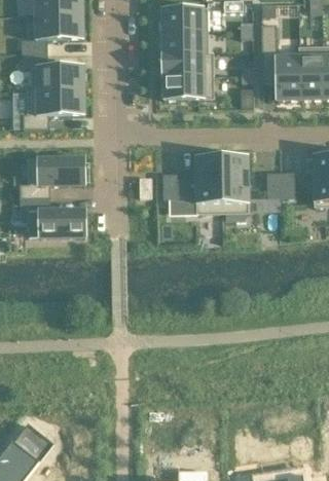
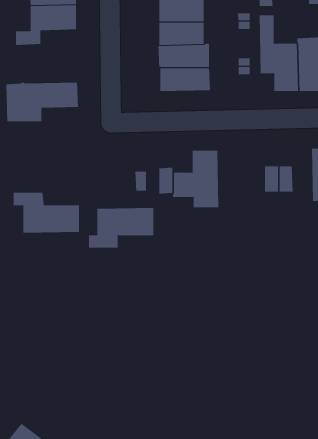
building: [22,52,83,90] -> none
building: [221,155,248,213] -> none
building: [20,157,84,197] -> [88,207,154,248]

